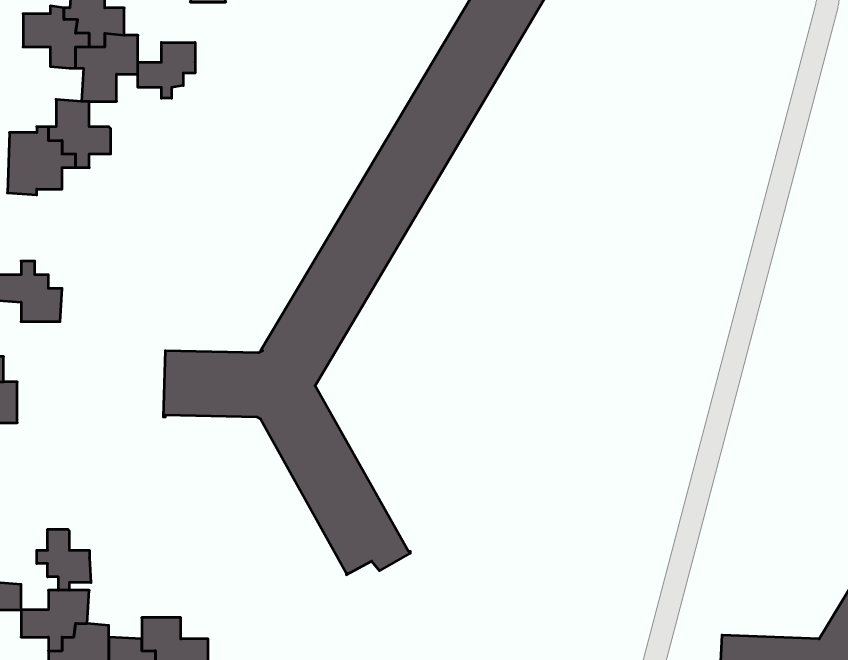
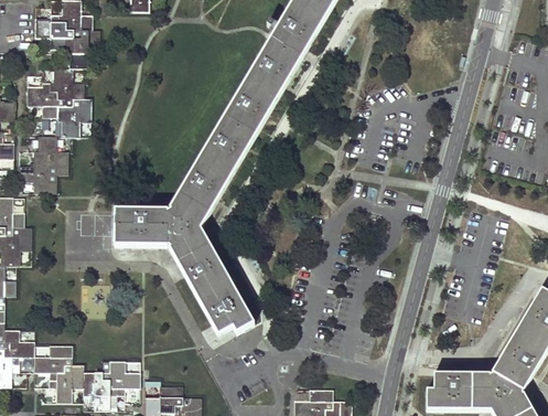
building: [138,42,195,98] -> none
building: none -> [56,97,90,136]
building: none -> [33,135,67,173]
building: [37,529,91,590] -> none

